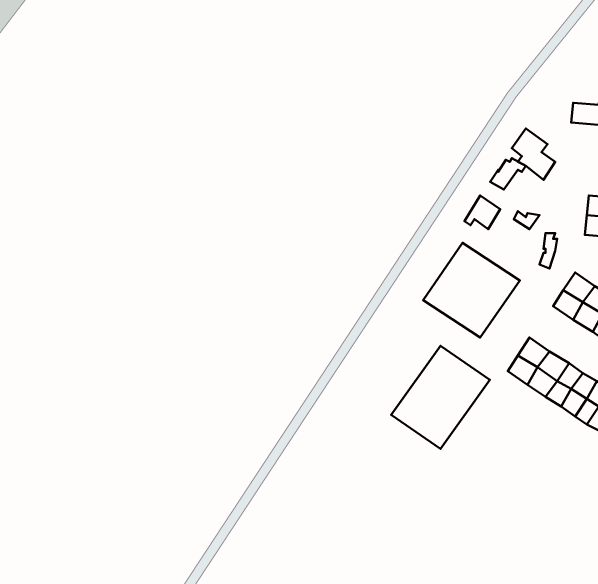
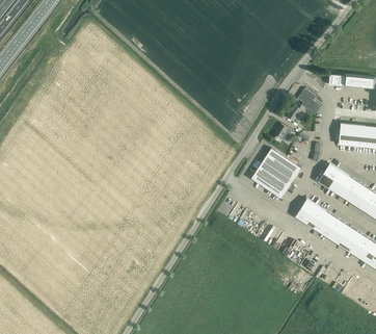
building: [391,346,490,449] -> none

